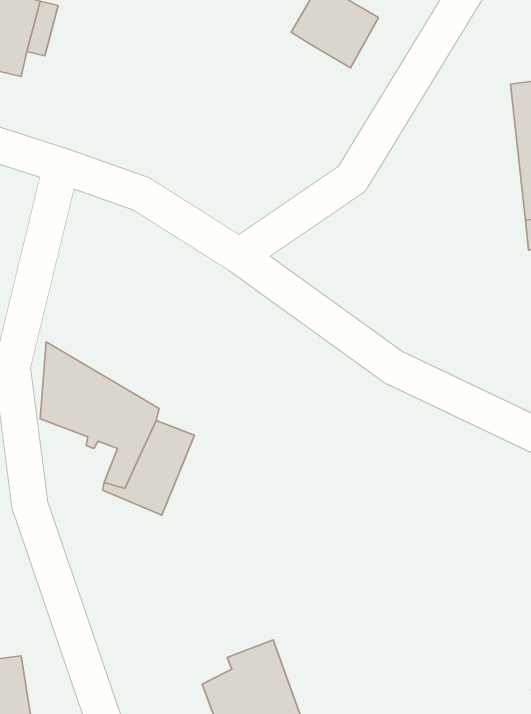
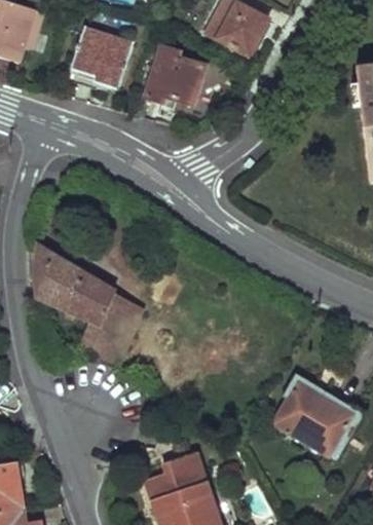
building: none -> [70,25,133,88]
building: none -> [145,46,204,104]
building: none -> [270,382,357,459]

